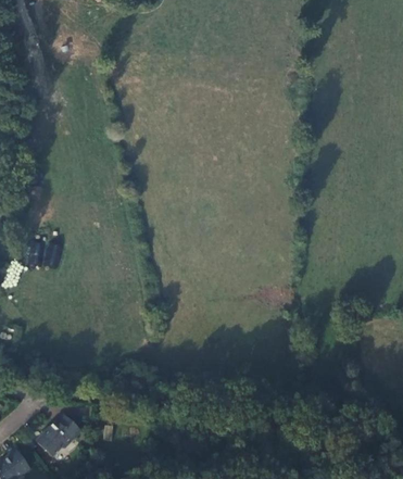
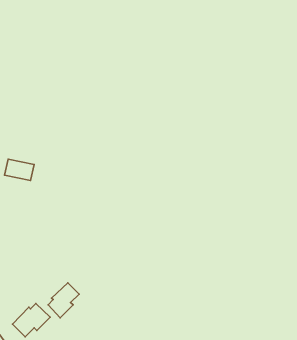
building: none -> [48,283,79,318]

